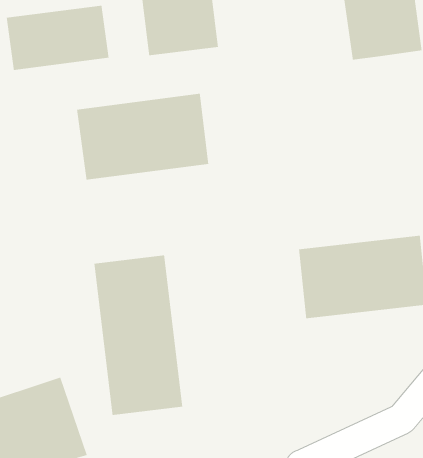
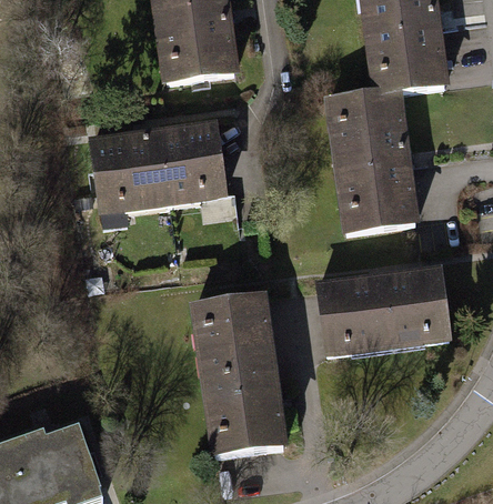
building: [6,5,110,71] -> none
building: none -> [328,88,419,232]
building: [93,254,183,416] -> [193,294,285,460]

